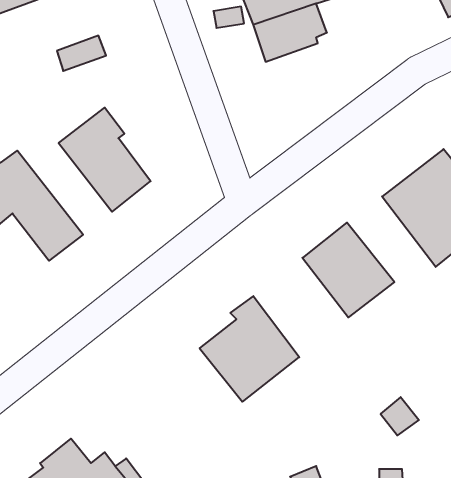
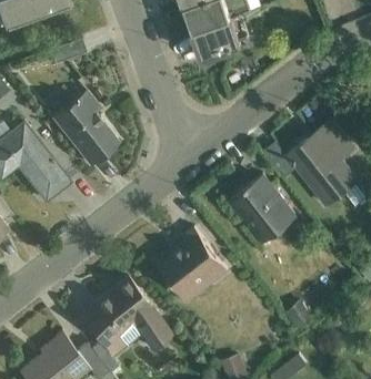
building: none -> [83,279,171,354]

